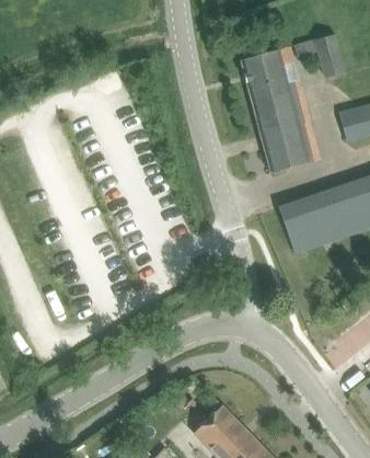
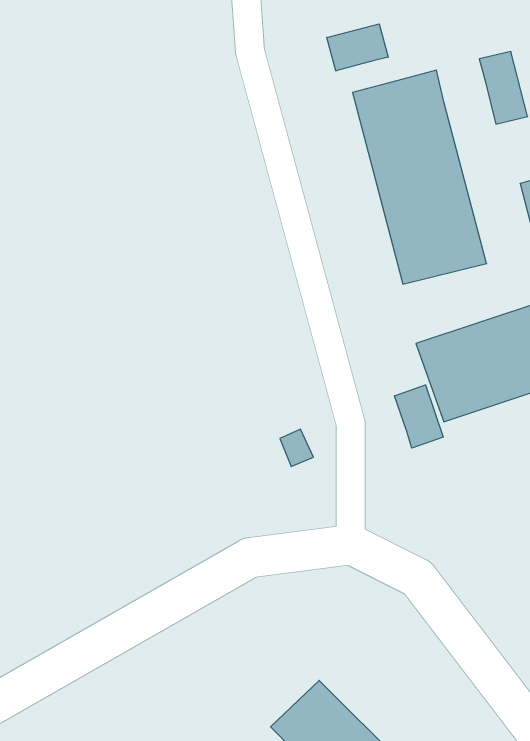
building: none -> [327,24,388,71]
building: none -> [395,385,443,448]

